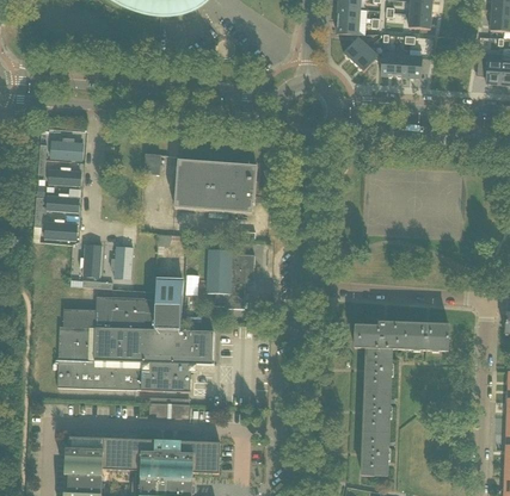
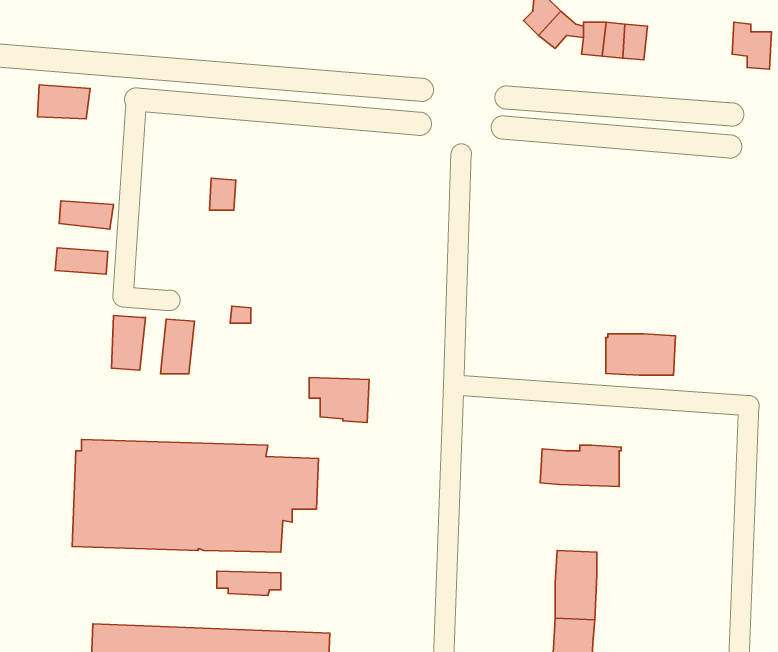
building: [50,136,84,157] -> [37,85,90,119]
building: [174,160,257,213] -> none
building: [42,222,78,242] -> none
building: [207,248,254,281] -> none
building: [62,279,182,322] -> none
building: [404,323,448,349] -> [606,334,675,375]
building: [364,347,391,390] -> none

